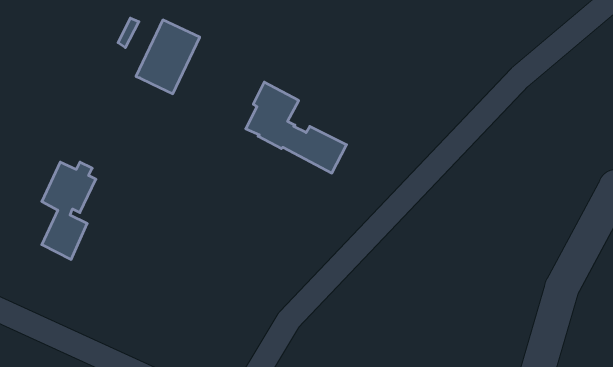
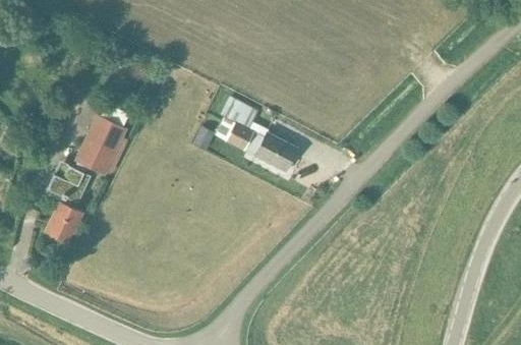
building: [136,20,200,94] -> [73,117,126,178]

